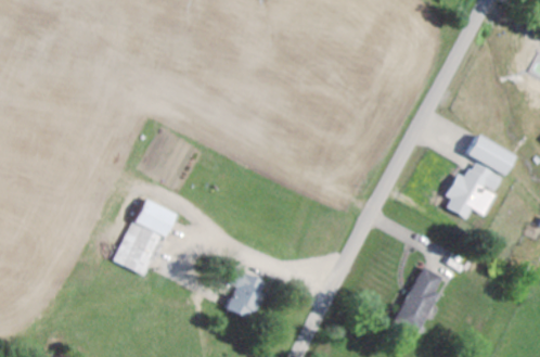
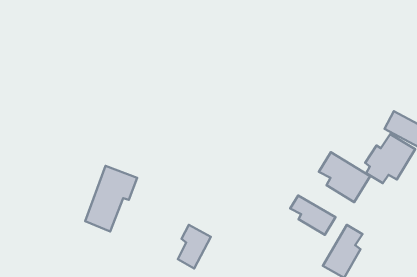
building: none -> [319,152,370,202]
building: none -> [290,195,335,235]

